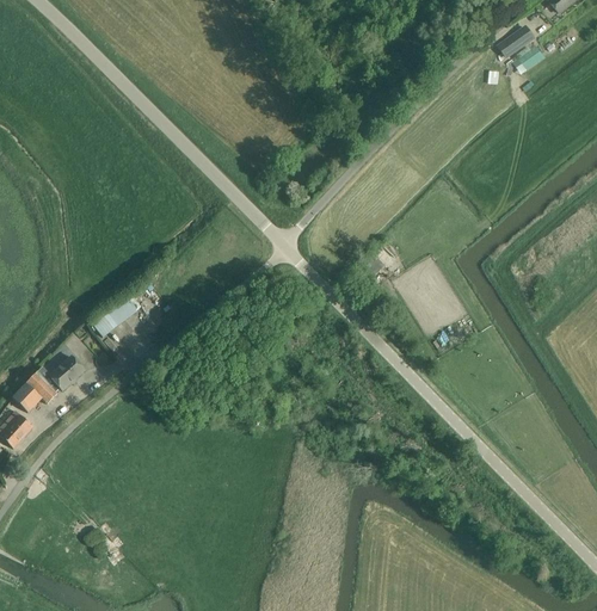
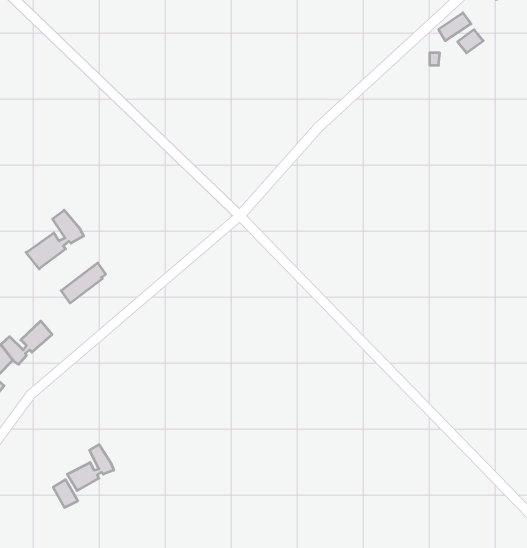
building: none -> [26,210,84,269]
building: none -> [67,445,114,491]

